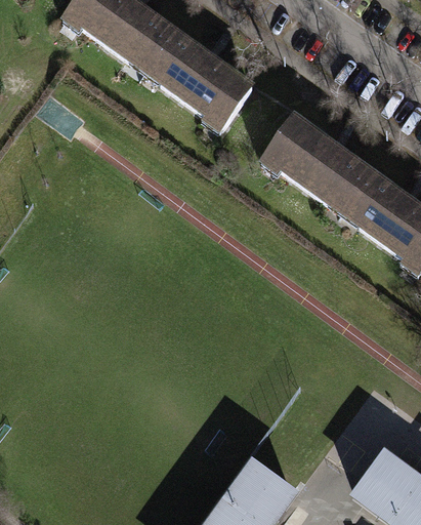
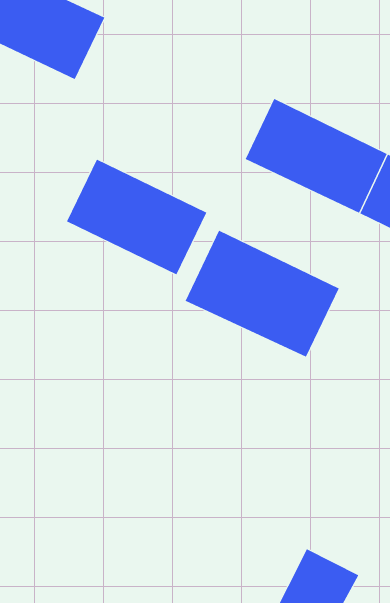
building: [142,28,252,128] -> [66,159,207,275]
building: none -> [185,230,340,357]

